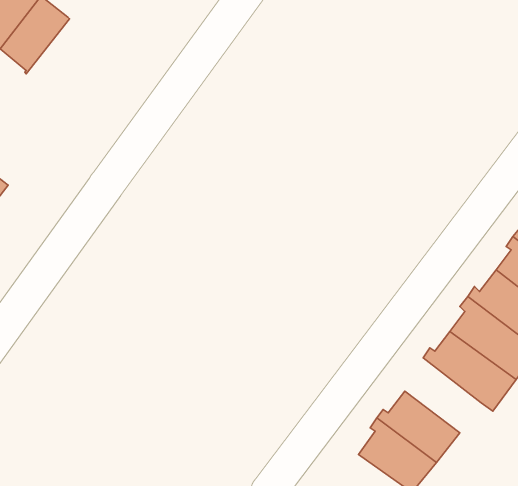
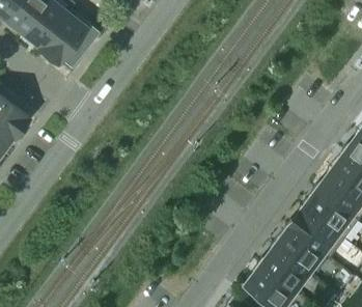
building: none -> [39,8,88,62]
building: none -> [276,225,324,272]

